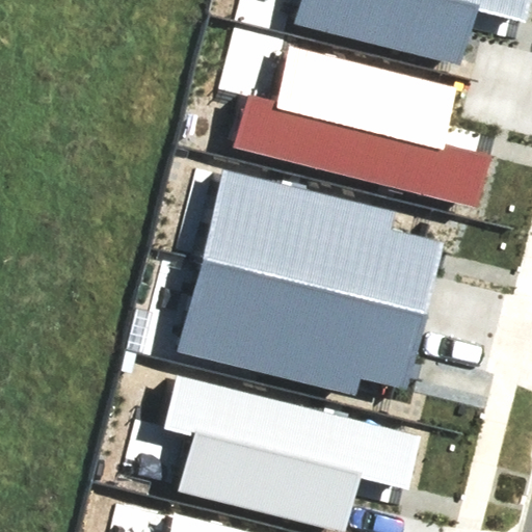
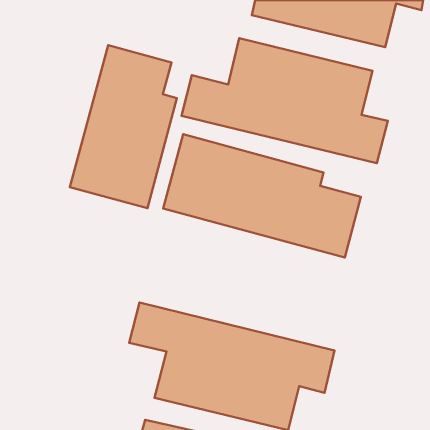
building: none -> [70,45,177,208]
building: [177,259,424,400] -> none

